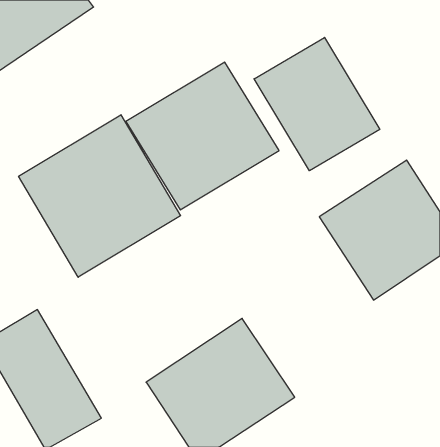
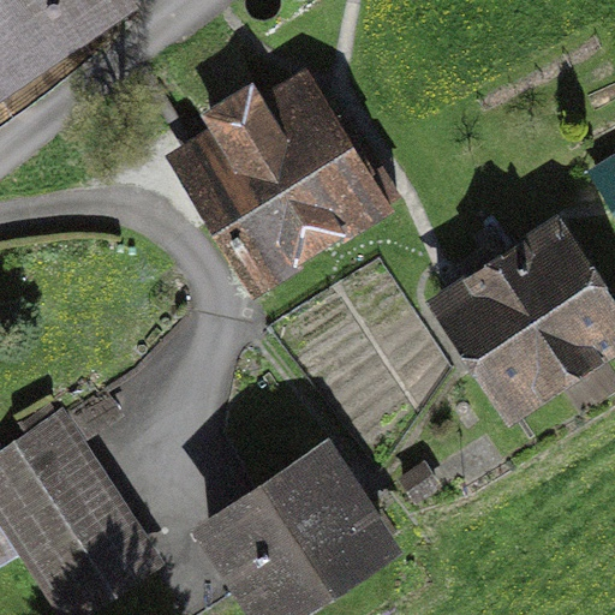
building: [254,37,380,171] -> none
building: [19,115,181,277] -> none

